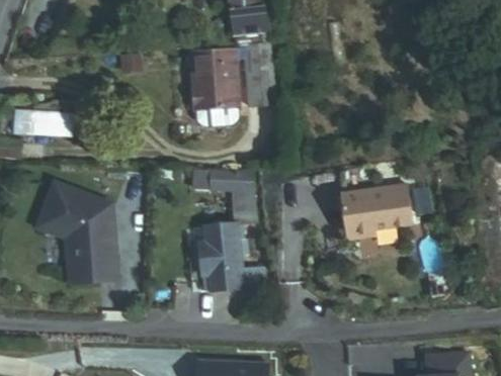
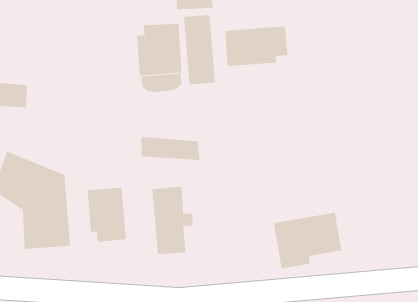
building: none -> [225,26,288,67]
building: [340,185,413,245] -> [273,212,342,269]
building: none -> [87,187,127,243]

